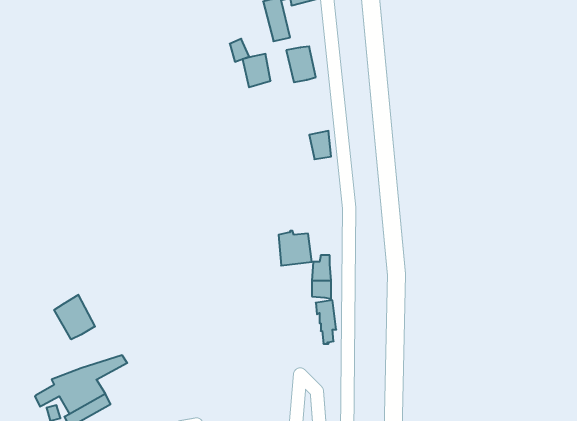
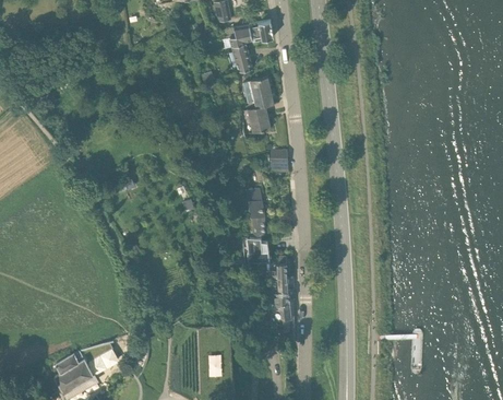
building: [242,54,271,87] -> [247,106,271,134]
building: none -> [243,187,271,235]
building: [54,295,95,339] -> none

